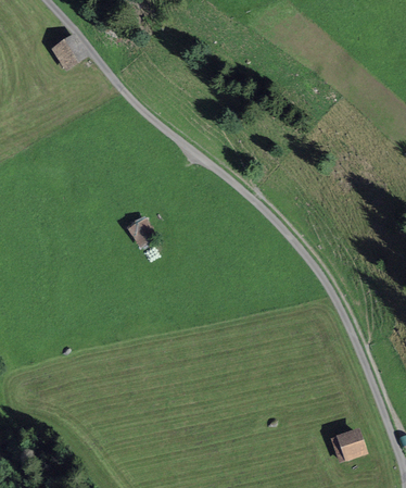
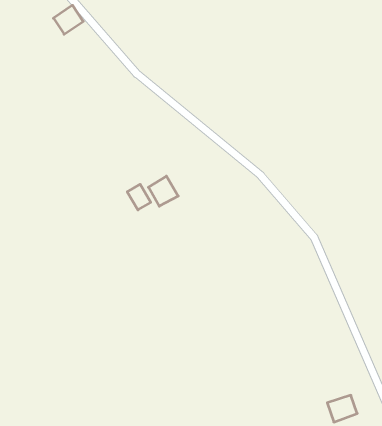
building: none -> [148,176,178,206]

